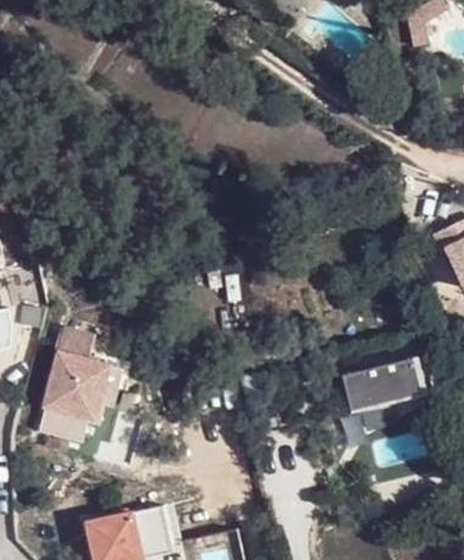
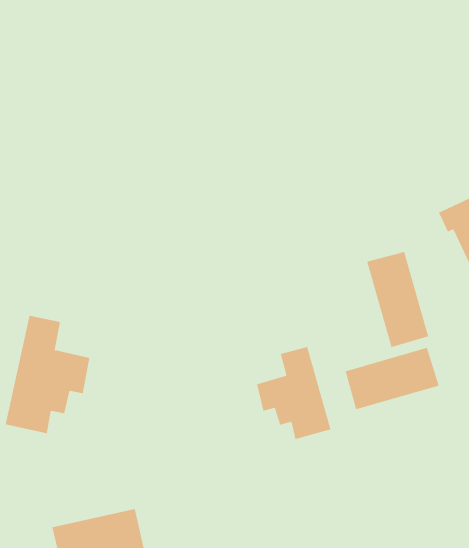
building: none -> [366,251,429,348]
building: none -> [256,346,331,440]

